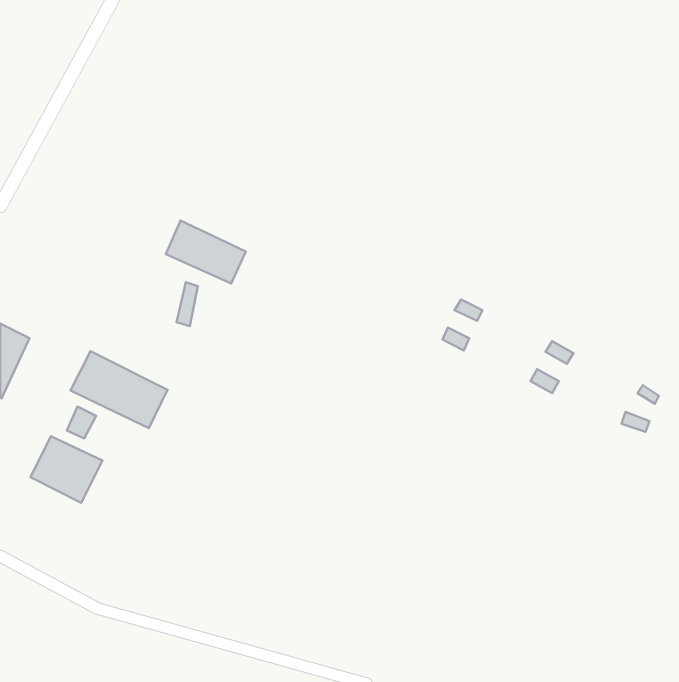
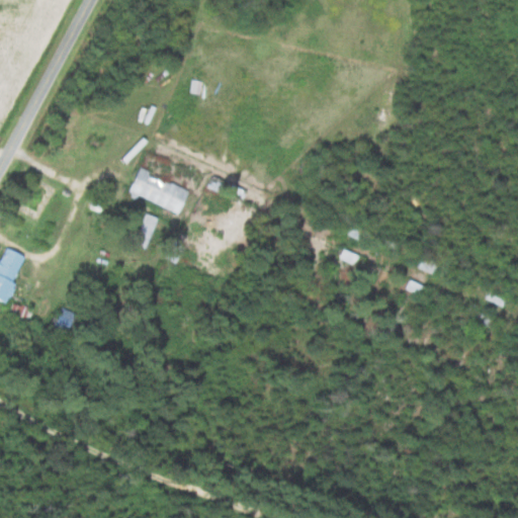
building: [71,351,168,428] -> none
building: [31,436,103,503] -> none

